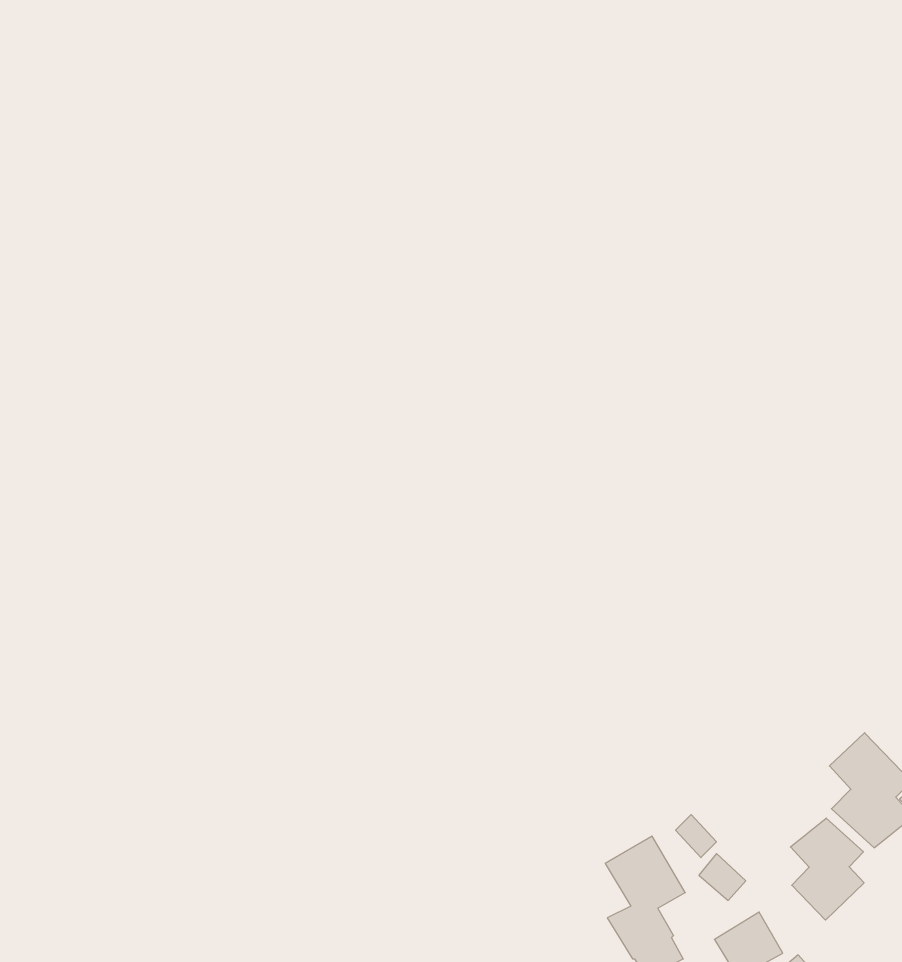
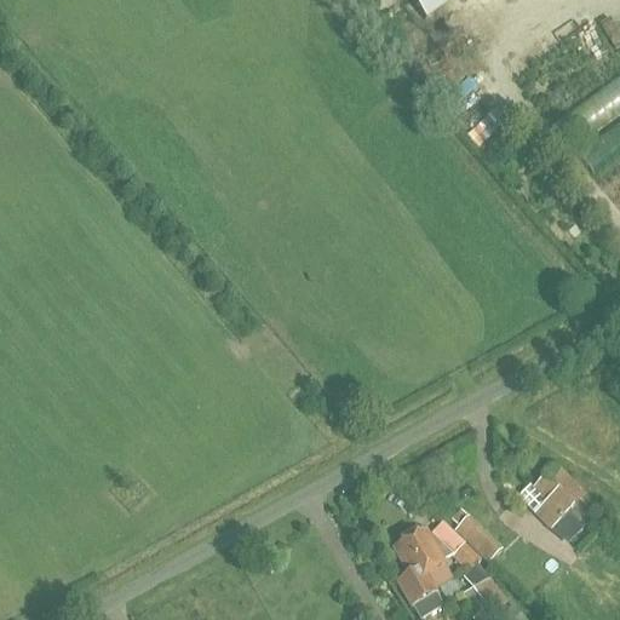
building: [790,818,864,920] -> none

